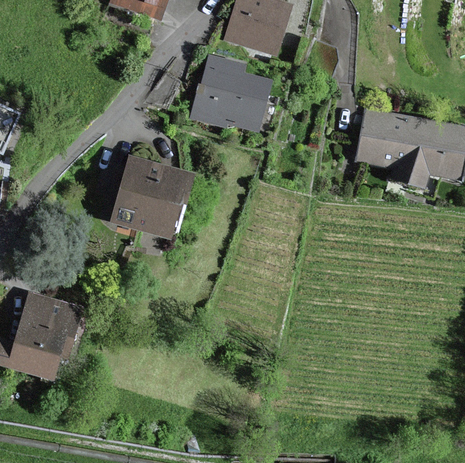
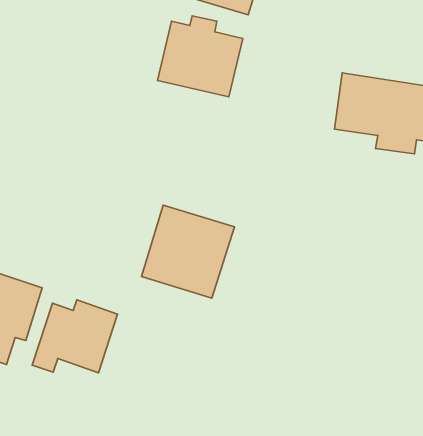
building: [108,155,194,241] -> [142,205,234,298]
building: none -> [32,300,118,373]

